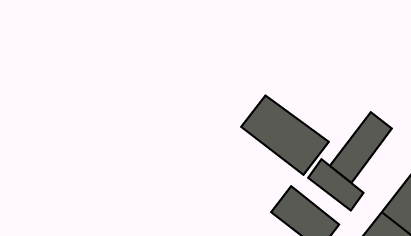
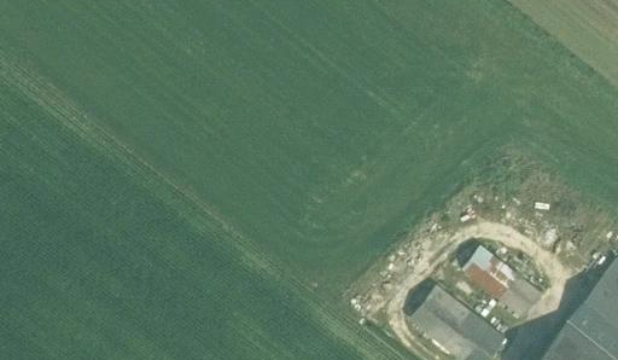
building: [241,95,329,175] -> none
building: [330,112,392,183] -> none

